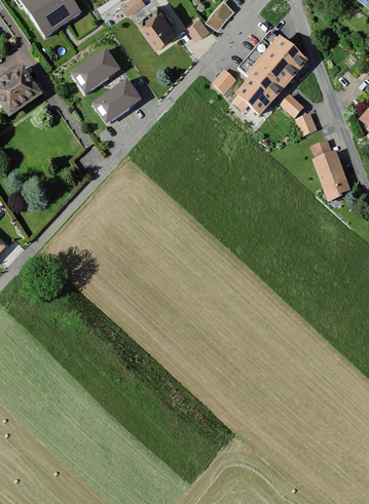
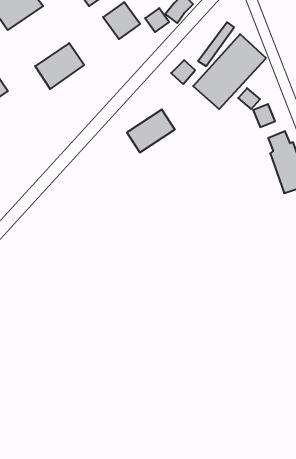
building: [93,78,142,122] -> [127,109,175,152]

